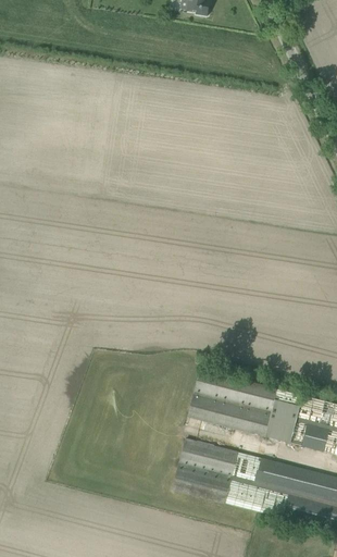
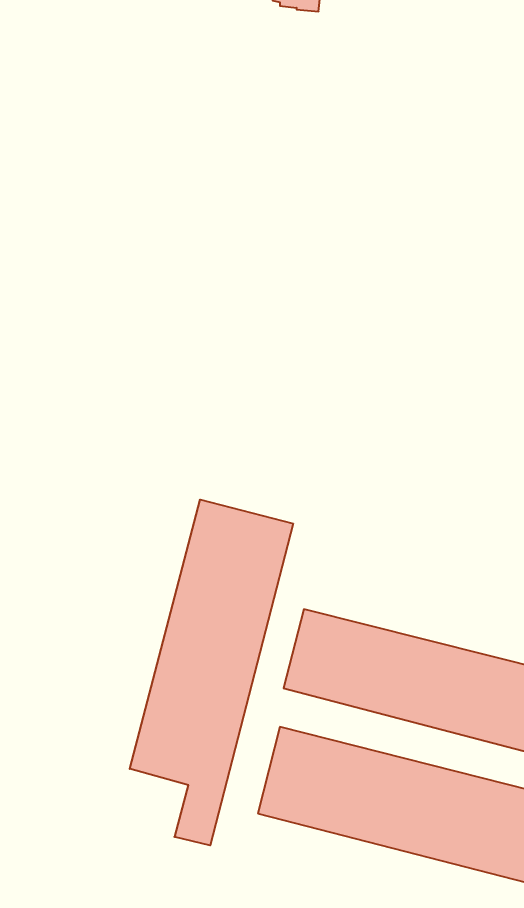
building: none -> [130,500,293,845]

